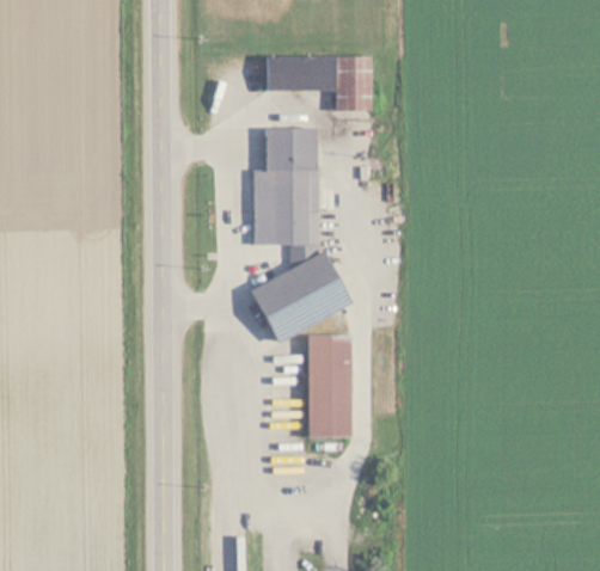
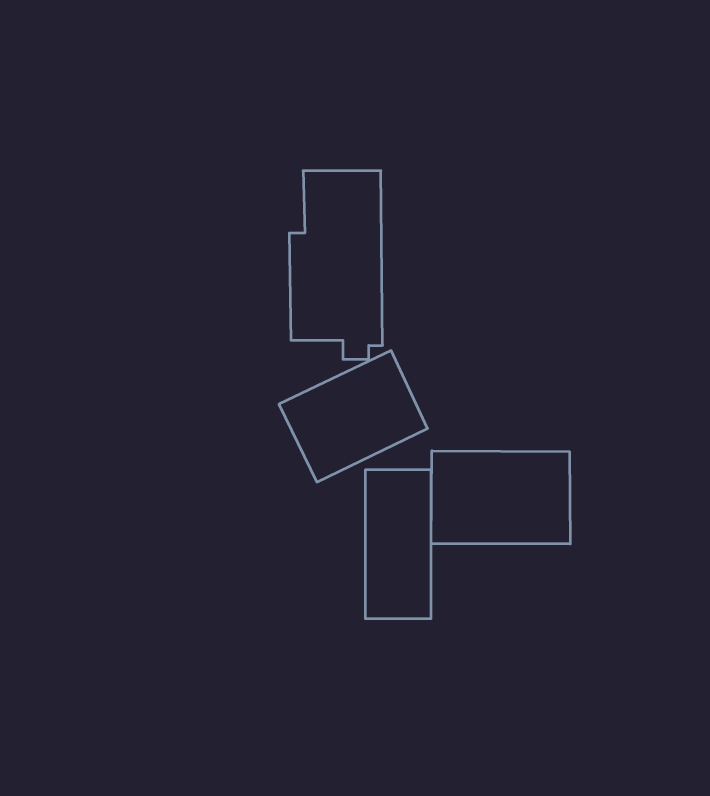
building: [265,55,369,108] -> none
building: none -> [431,451,570,544]

